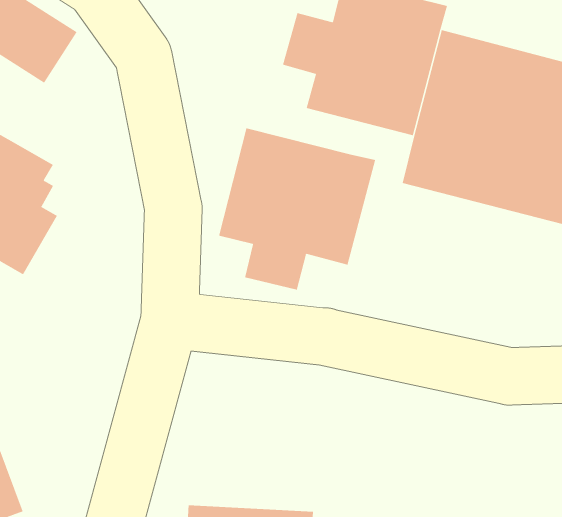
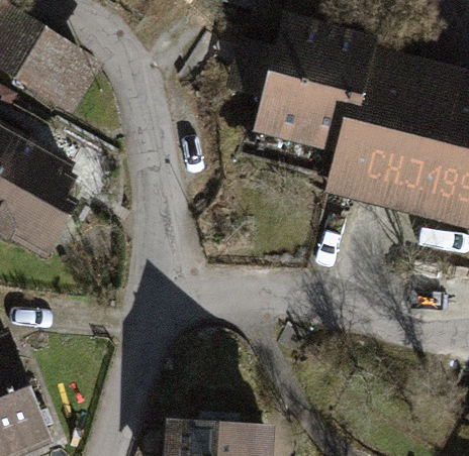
building: [218,127,376,290] -> none

